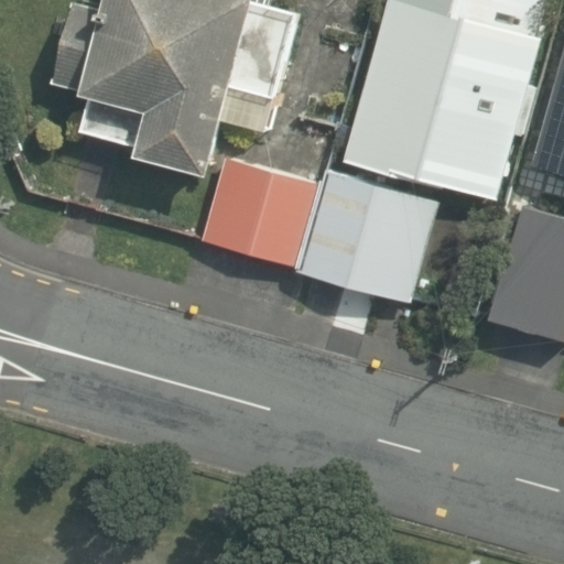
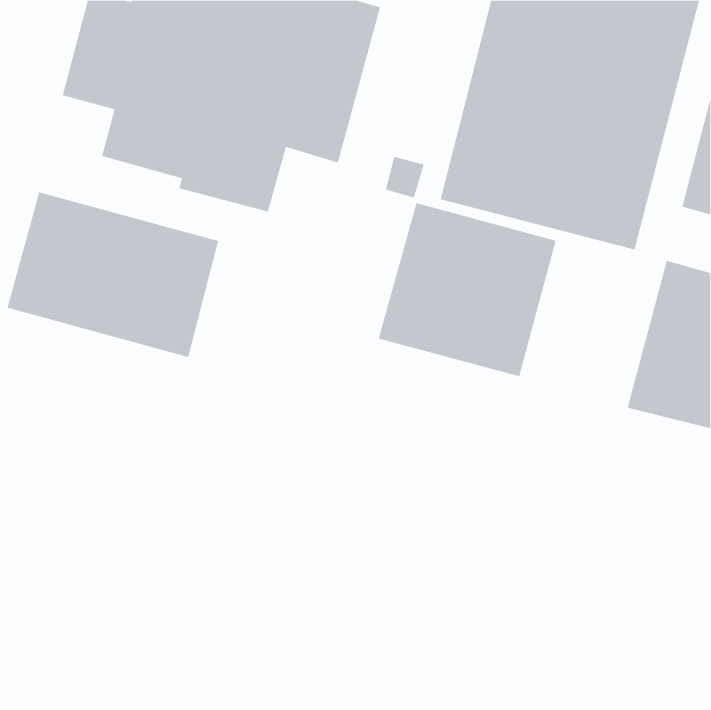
building: [199,153,314,259] -> none
building: none -> [7,191,219,358]

